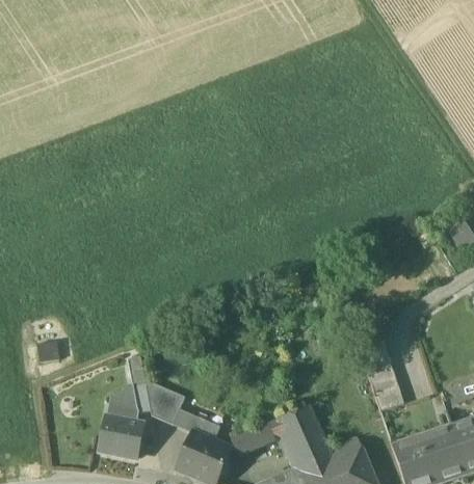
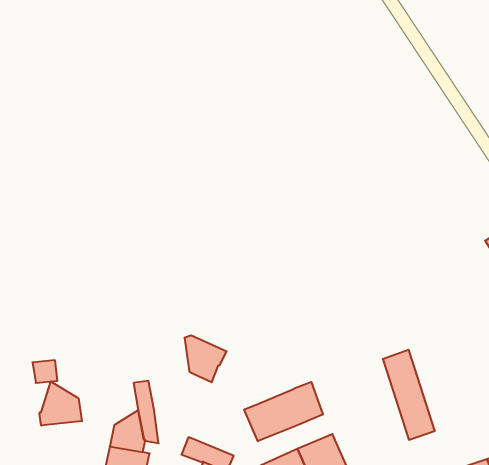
building: none -> [40,381,82,426]
building: none -> [244,382,323,441]
building: [147,382,185,425] -> [184,336,227,382]

